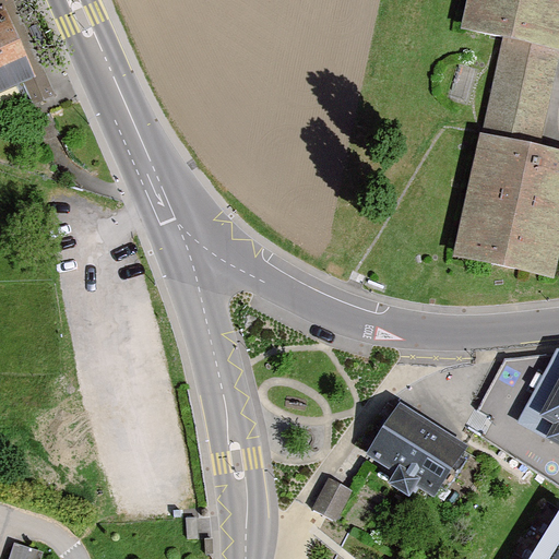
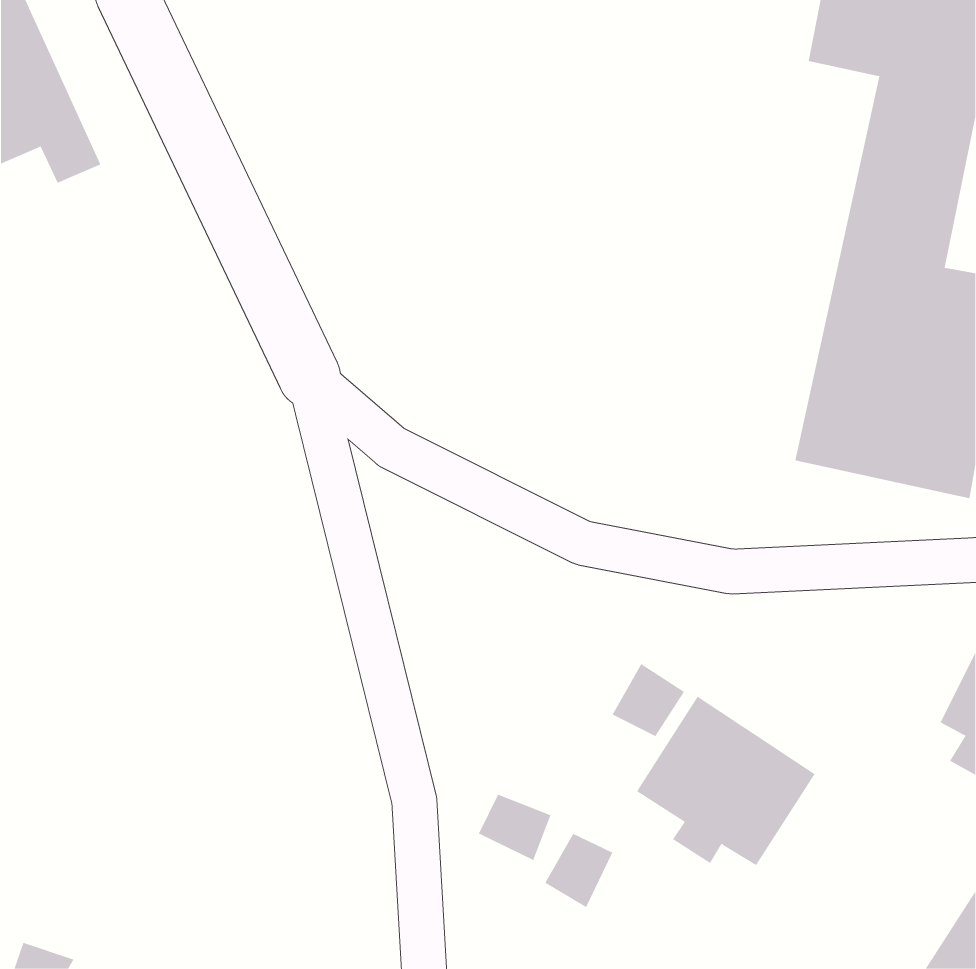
building: none -> [612,663,685,737]
building: none -> [478,794,551,861]

